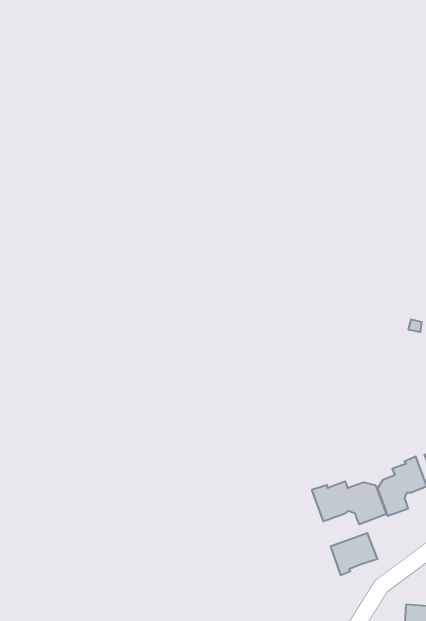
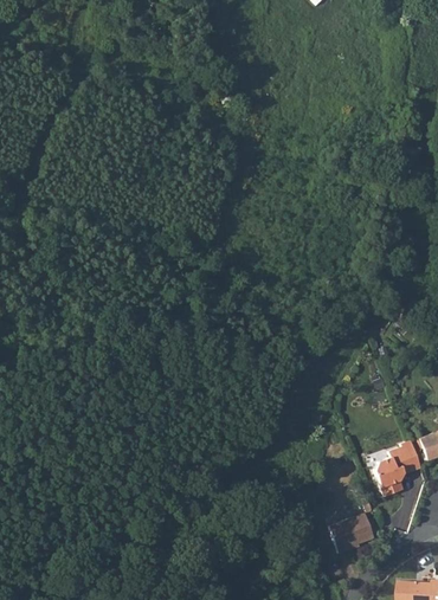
building: [312,481,386,524] -> none

